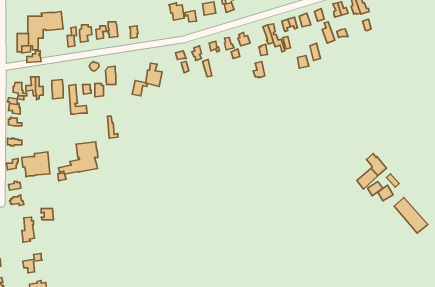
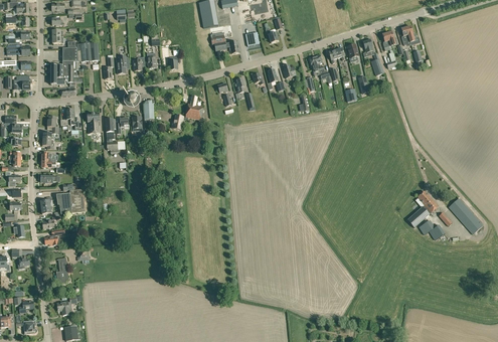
building: [58,142,98,181] -> none
building: [394,198,428,233] -> [449,197,484,234]

